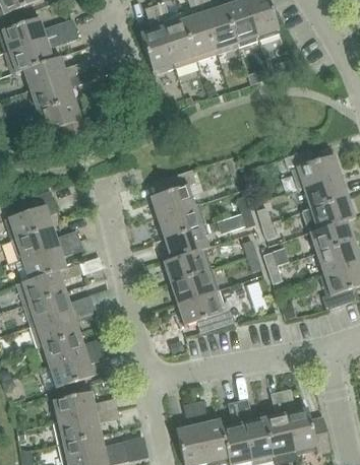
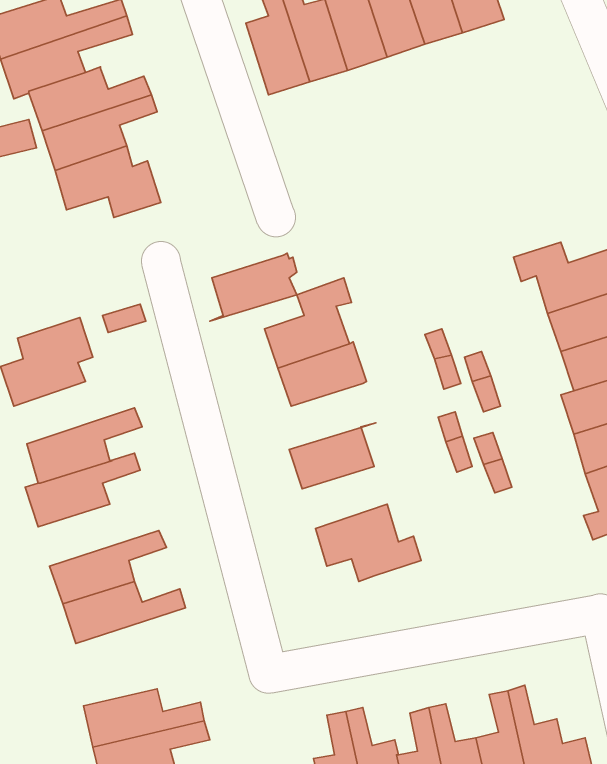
building: [14,225,79,259] -> none
building: [163,225,209,262] -> [210,253,297,321]
building: [170,271,216,305] -> none
building: [27,291,93,325] -> none
building: [48,347,110,388] -> none

